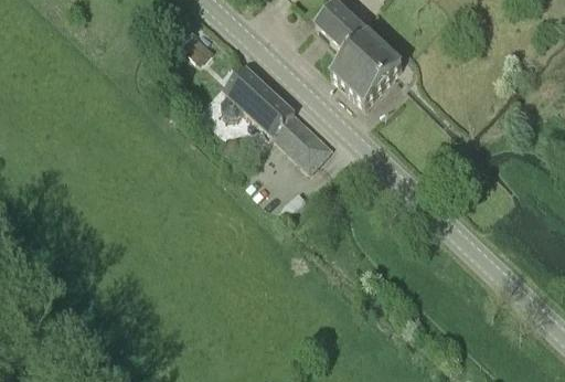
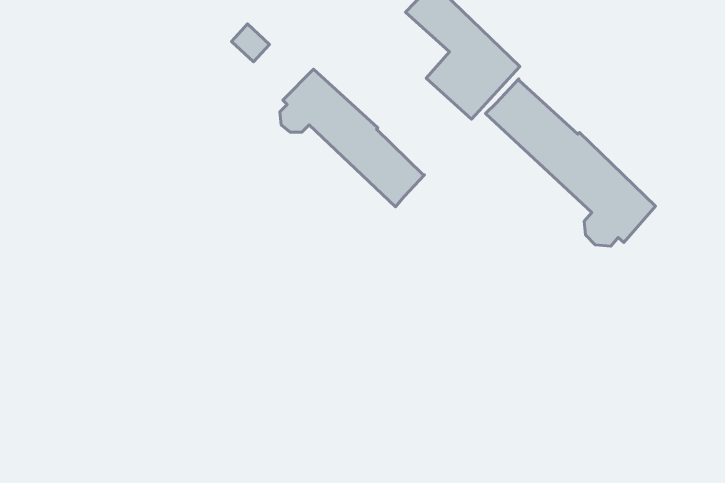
building: none -> [485,79,656,246]

